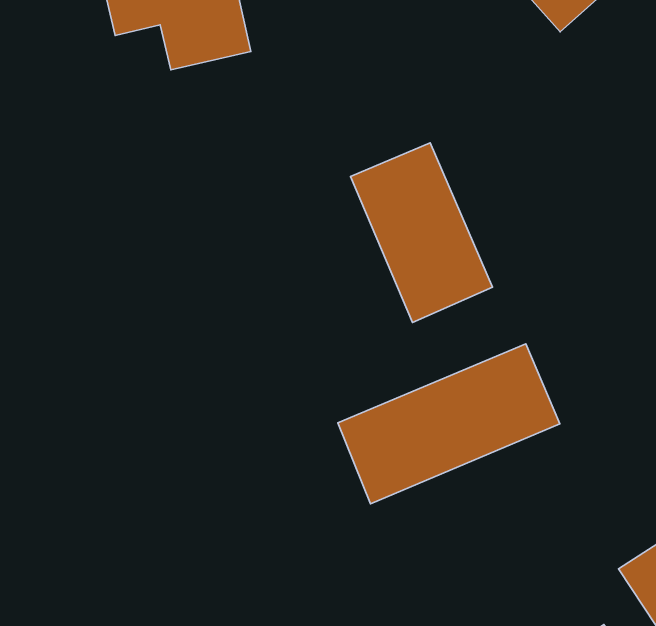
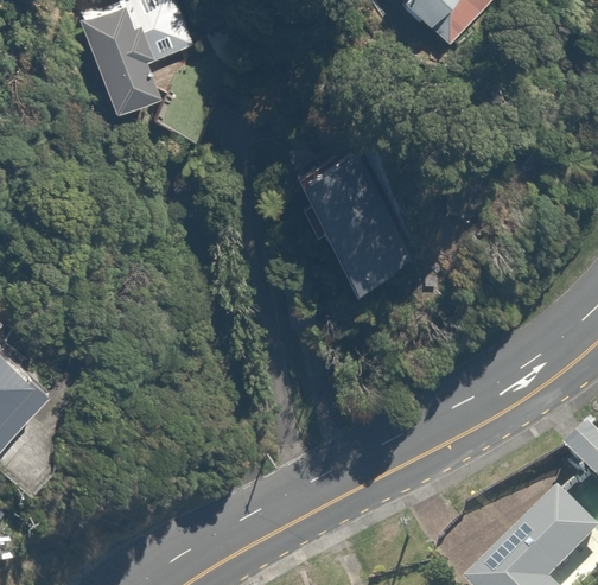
building: [338,344,560,504] -> none

